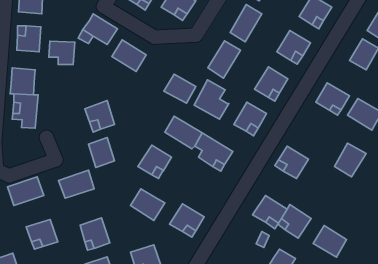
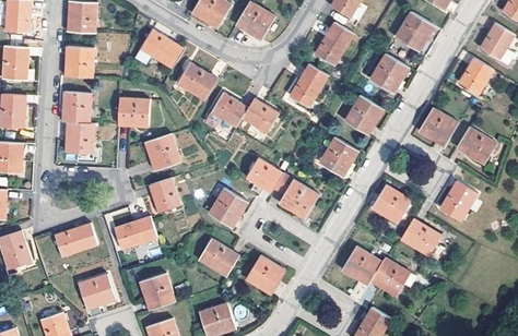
building: [49,41,75,65] -> [119,99,150,127]
building: none -> [208,97,245,132]
building: [194,80,229,119] -> none
building: [313,226,347,257] -> [398,221,437,259]

